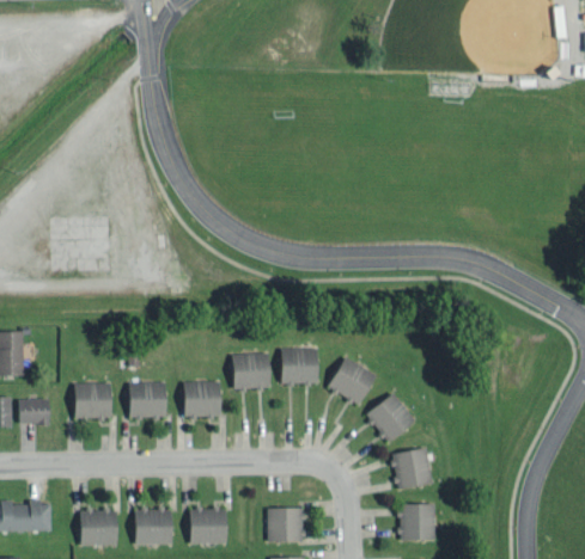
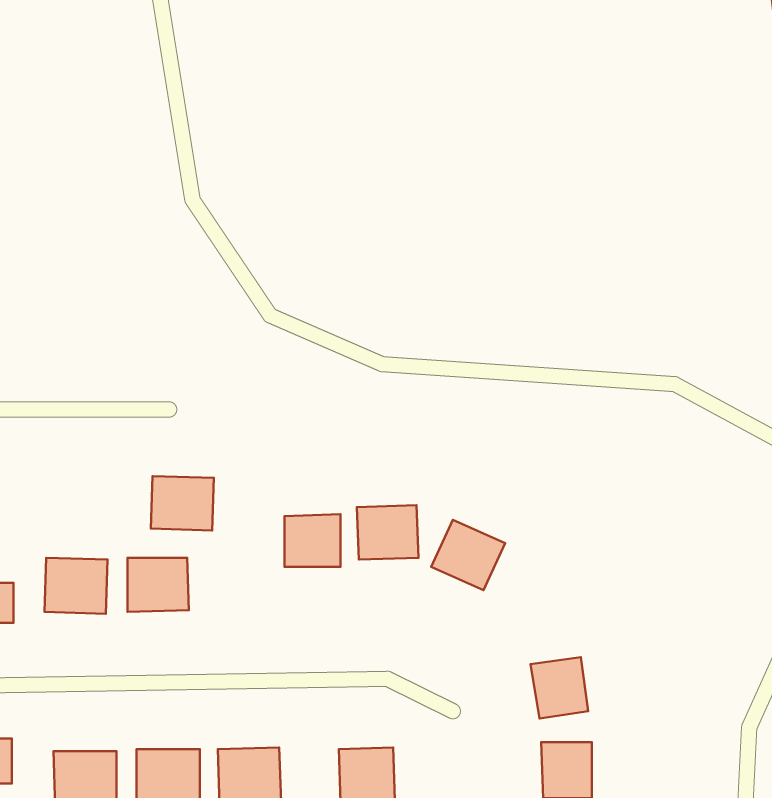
building: [181,381,223,417] -> [151,476,214,530]
building: [367,393,415,441] -> none

